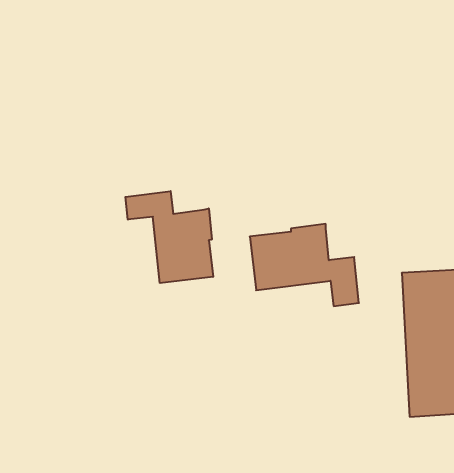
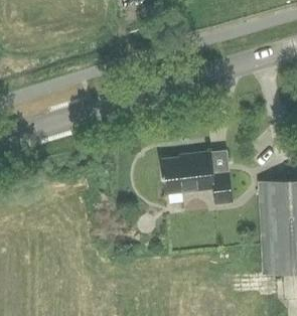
building: [125,191,213,283] -> none

